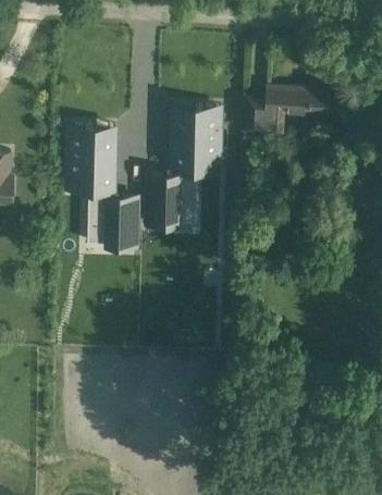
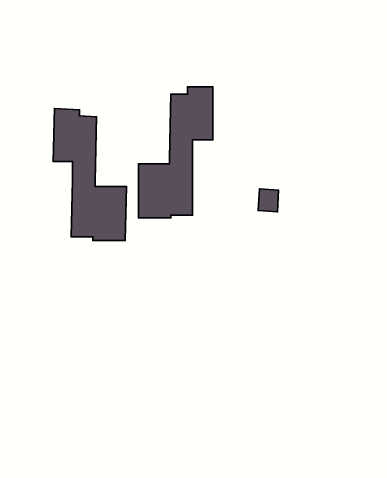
building: [248,87,330,131] -> none

